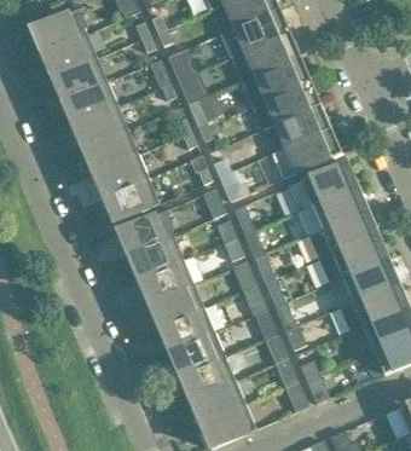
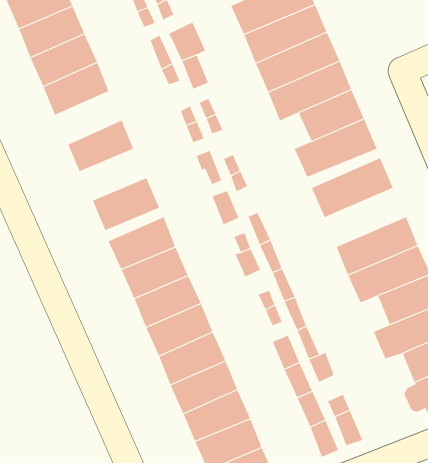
building: [70,105,127,150] -> none
building: [91,154,147,197] -> none
building: [295,186,365,236] -> none

